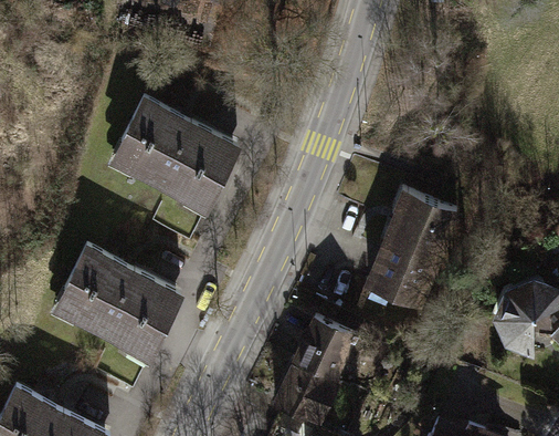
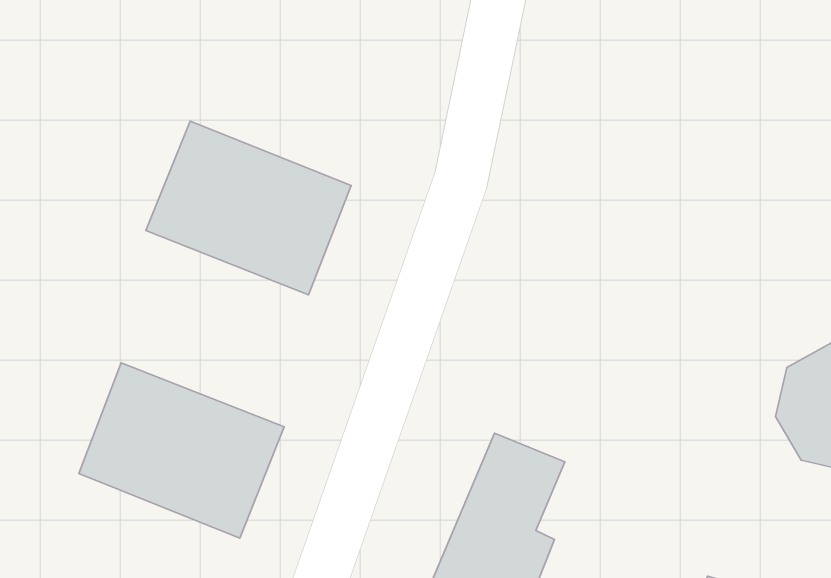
building: [366,191,463,307] -> none

